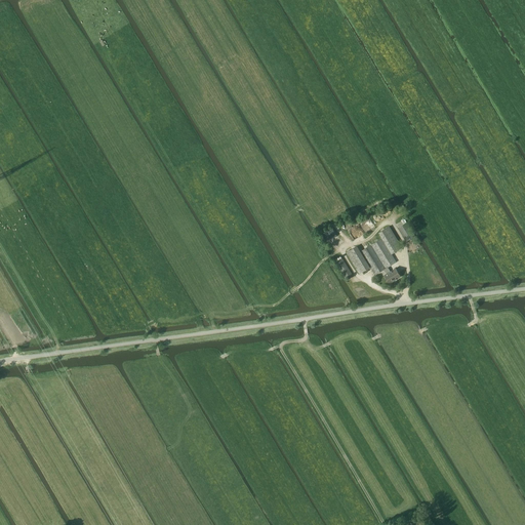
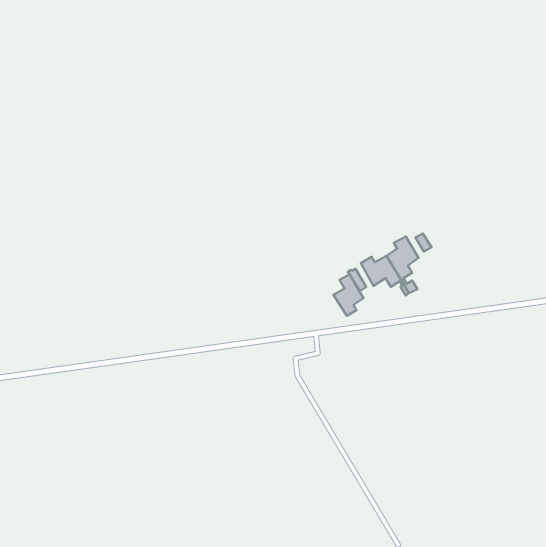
building: none -> [334,274,364,316]

